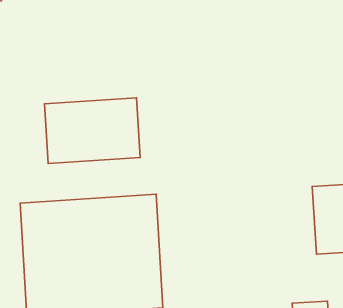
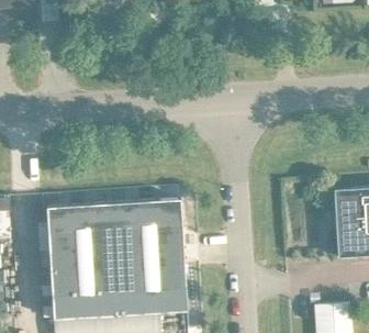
building: [44,98,140,164] -> none

